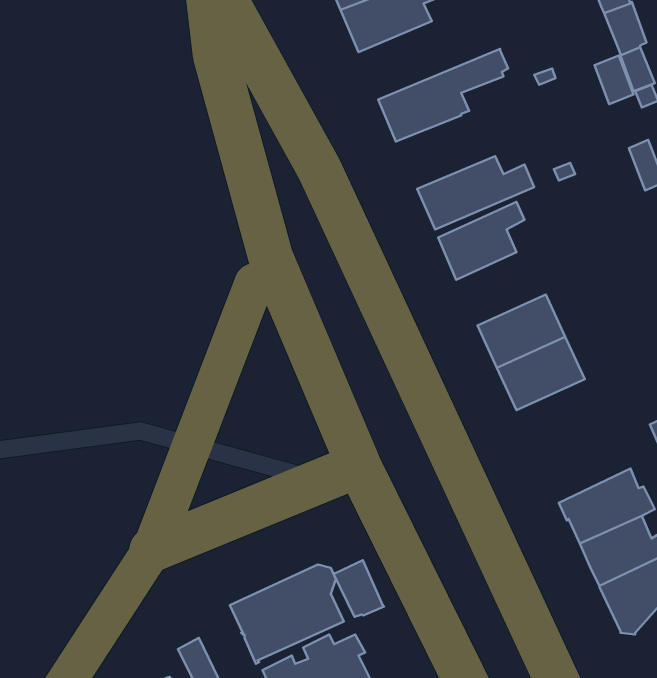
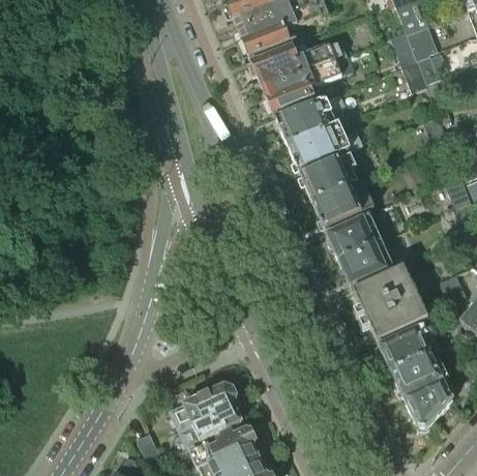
building: none -> [390,29,418,65]
building: none -> [252,39,348,88]
building: none -> [277,92,347,145]
building: none -> [314,185,376,230]
building: none -> [355,265,428,340]
building: [333,560,384,617] -> none

